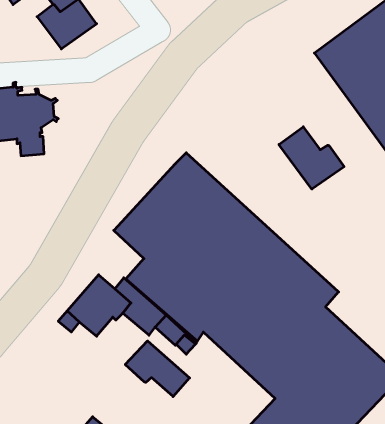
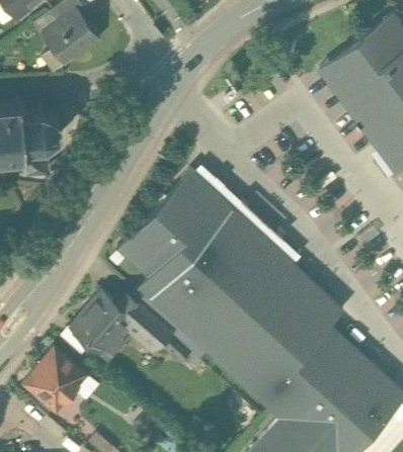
building: [279,127,344,189] -> none
building: none -> [23,348,84,411]
building: [125,341,190,397] -> none

